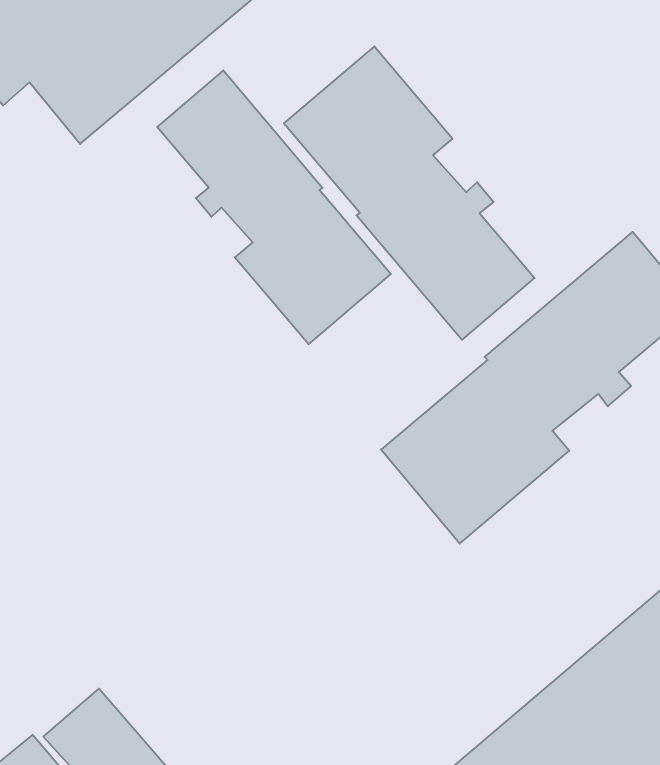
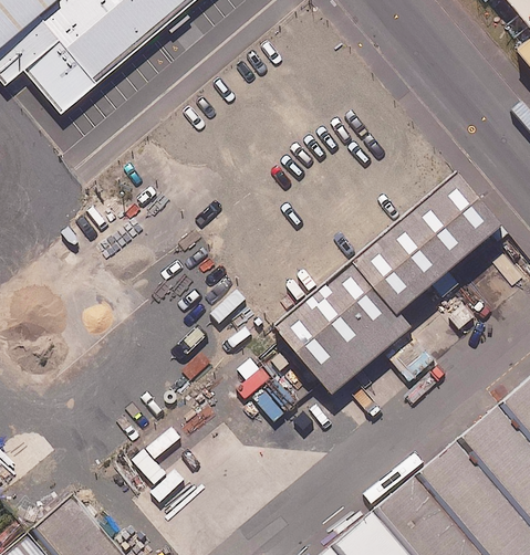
building: [284,46,535,340] -> none
building: [157,70,391,344] -> none

